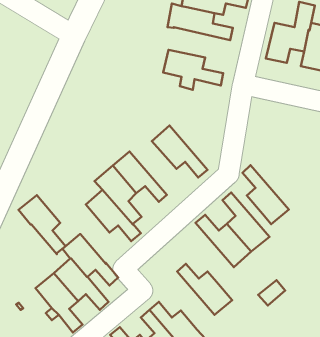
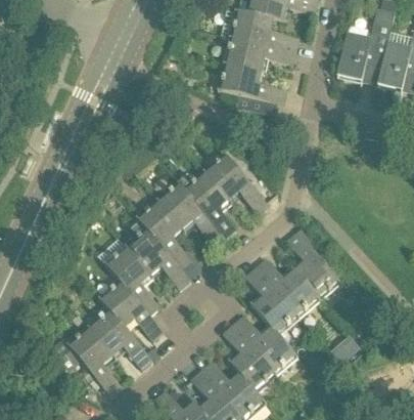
building: none -> [223,36,295,72]
building: none -> [177,170,237,240]
building: [243,165,289,224] -> [245,266,300,336]
building: [18,195,65,254] -> [104,245,159,314]
building: none -> [223,324,277,392]

